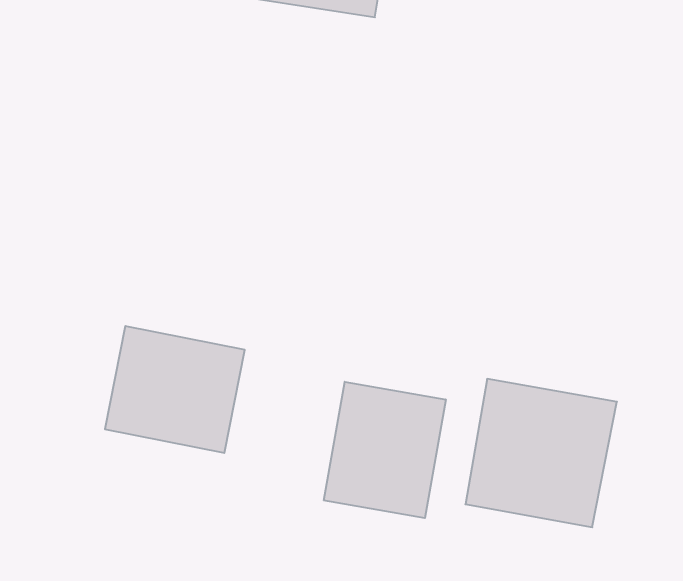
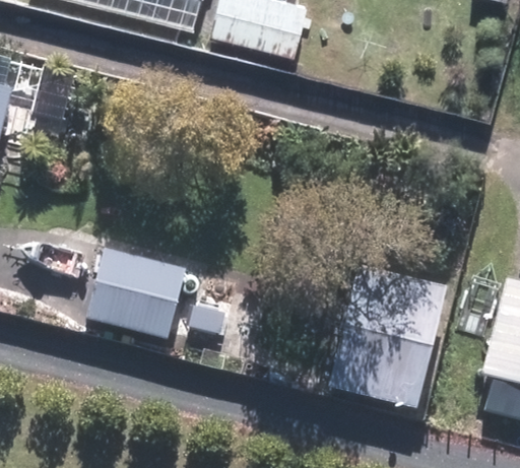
building: [324,382,446,518] -> none

